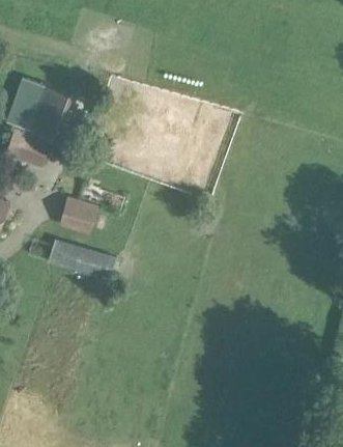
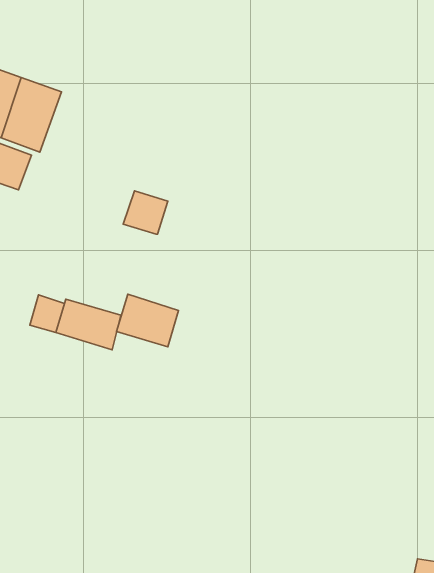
building: [66,201,98,232] -> [123,191,168,234]
building: none -> [117,294,178,347]

